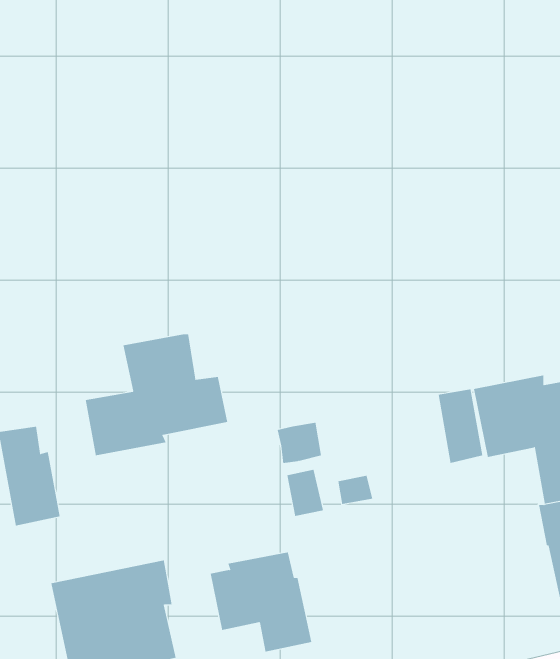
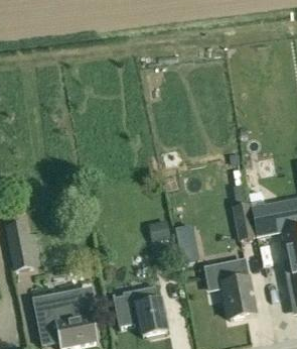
building: [85,333,228,456] -> none
building: none -> [206,258,256,318]

